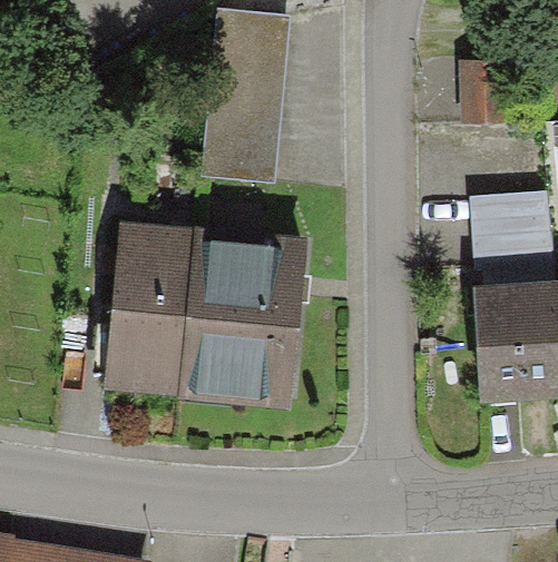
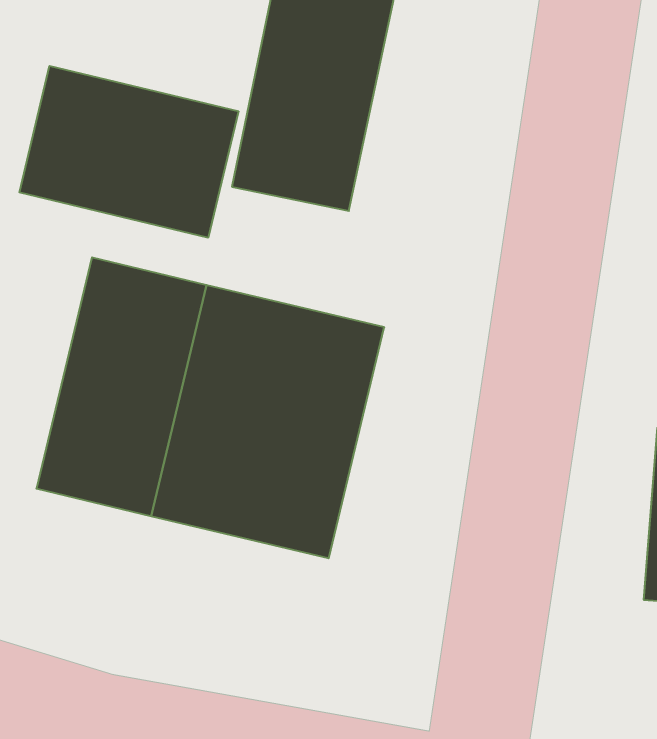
building: none -> [19,66,238,238]

